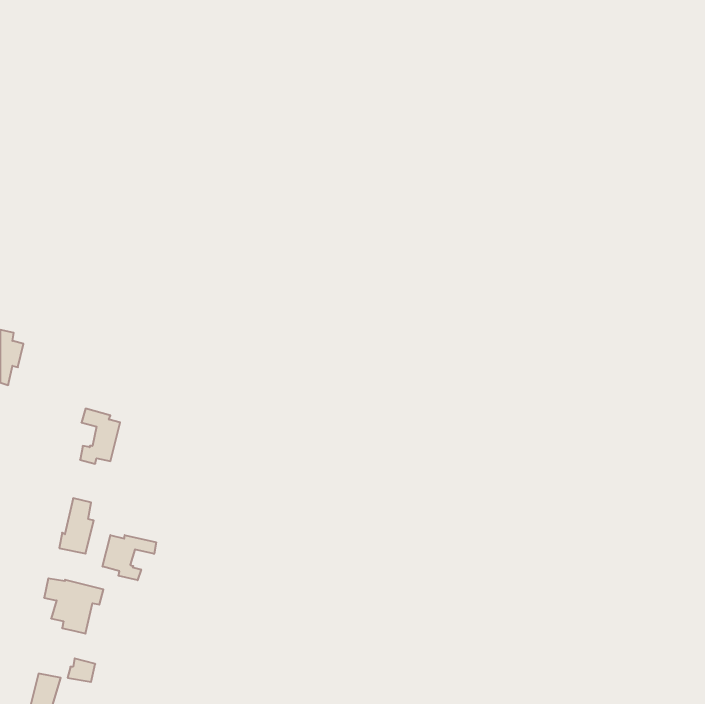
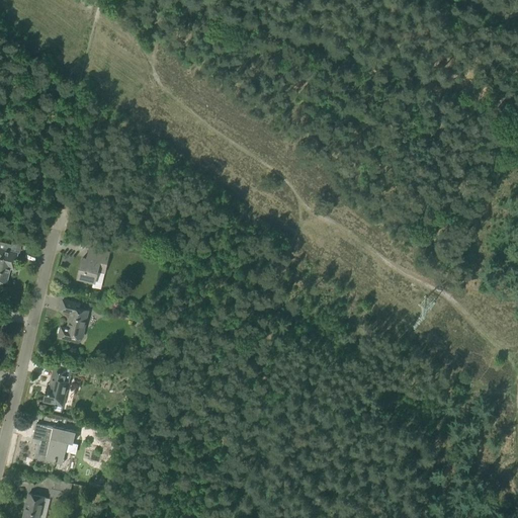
building: none -> [78,249,109,283]
building: [103,535,156,580] -> none

